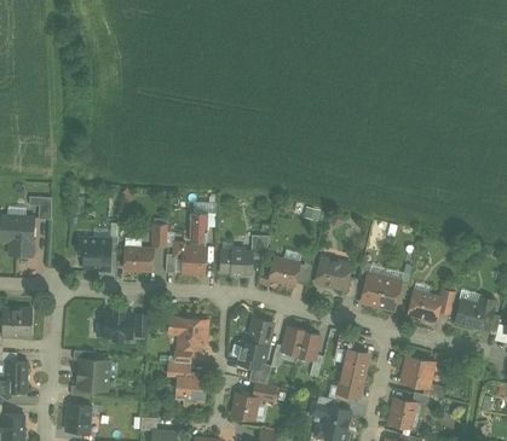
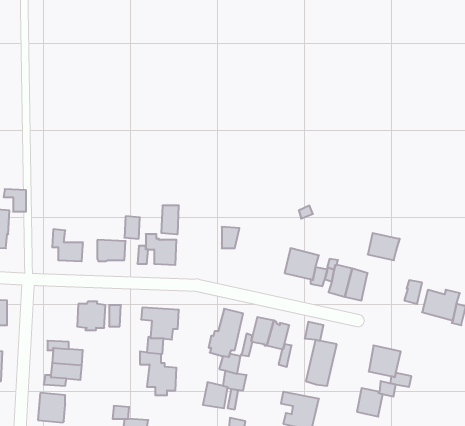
building: [220,248,250,274] -> none
building: [269,256,299,285] -> none
building: [408,291,440,319] -> [368,233,400,260]

